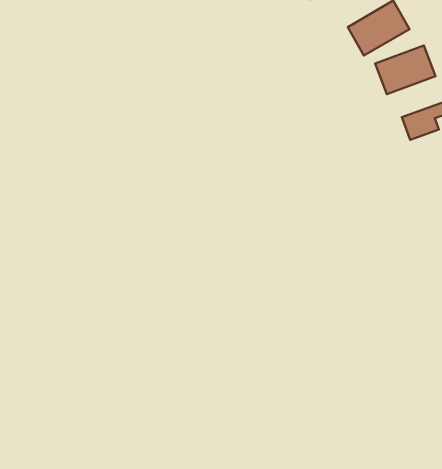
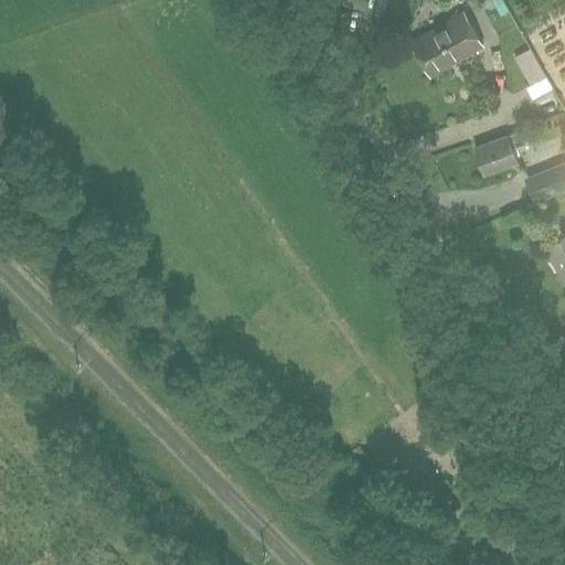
building: [375,46,436,94] -> none

